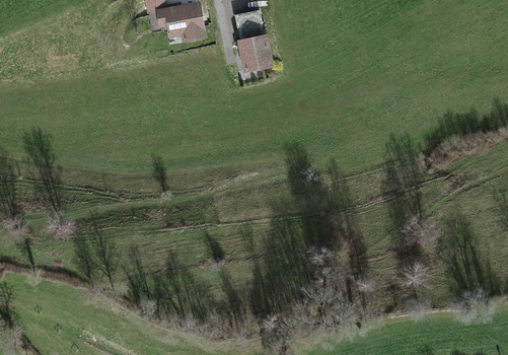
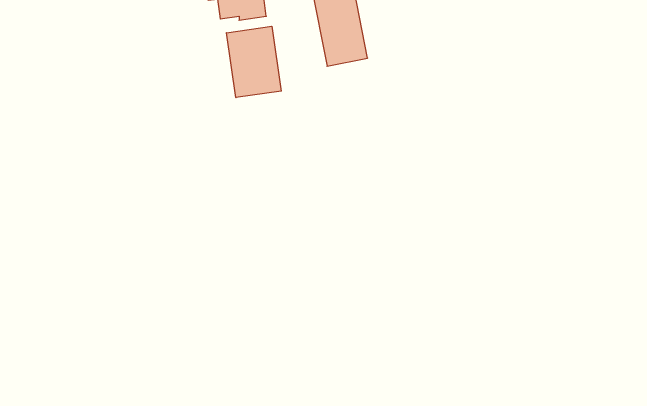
building: none -> [226,26,281,98]

